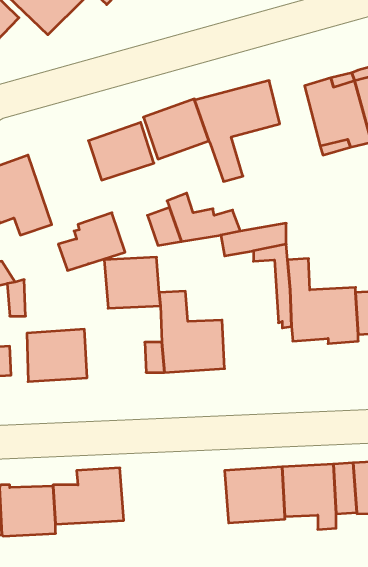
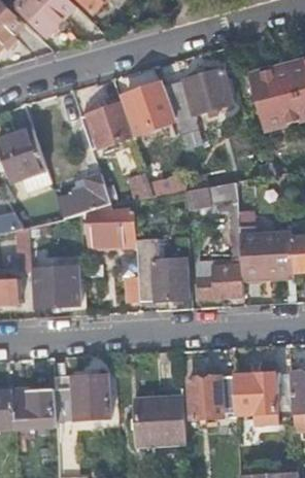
building: none -> [195,262,241,298]
building: none -> [134,398,183,445]

